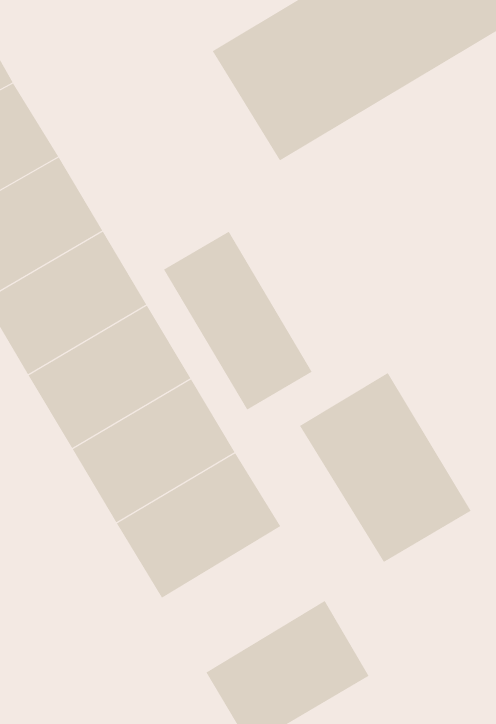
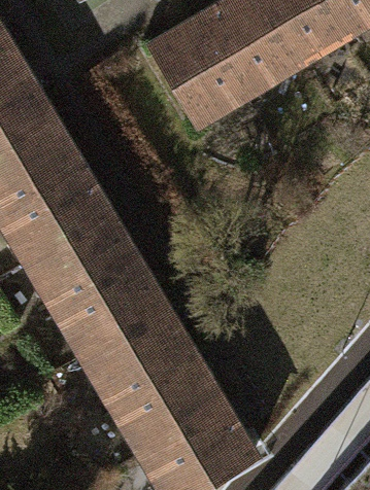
building: [163,231,313,411] -> none
building: [299,372,472,563] -> none
building: none -> [115,359,223,455]

